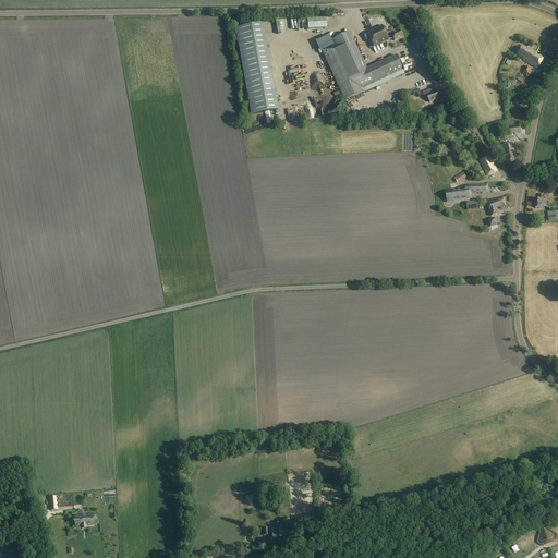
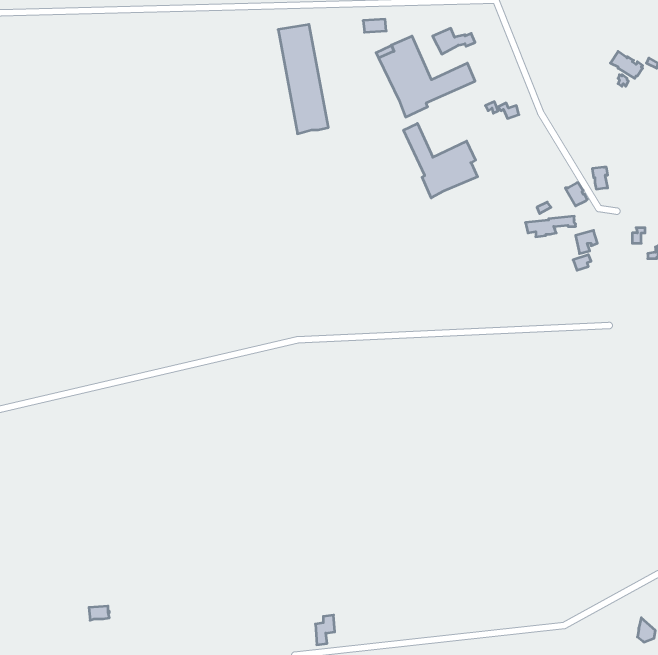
building: none -> [404,123,478,198]

